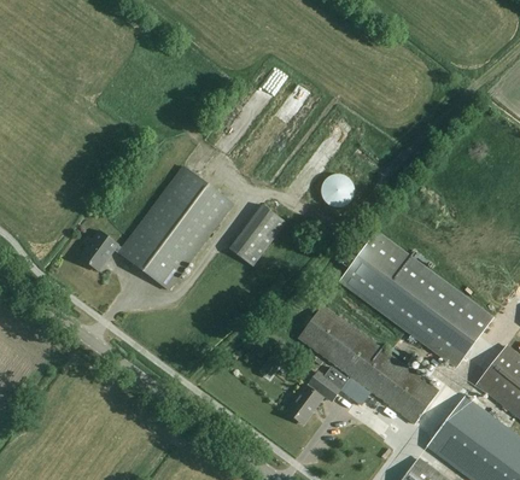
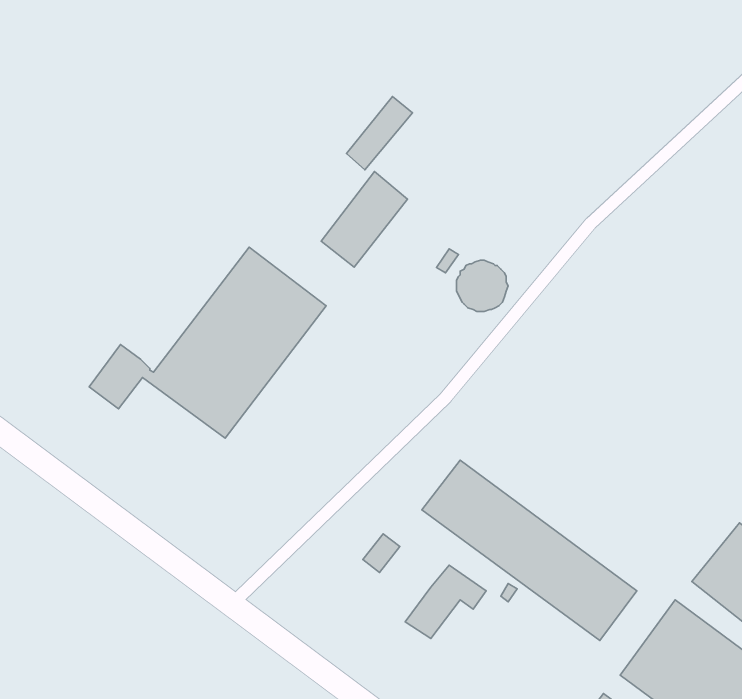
building: [228,203,285,265] -> [321,171,408,267]
building: [340,232,493,367] -> none

